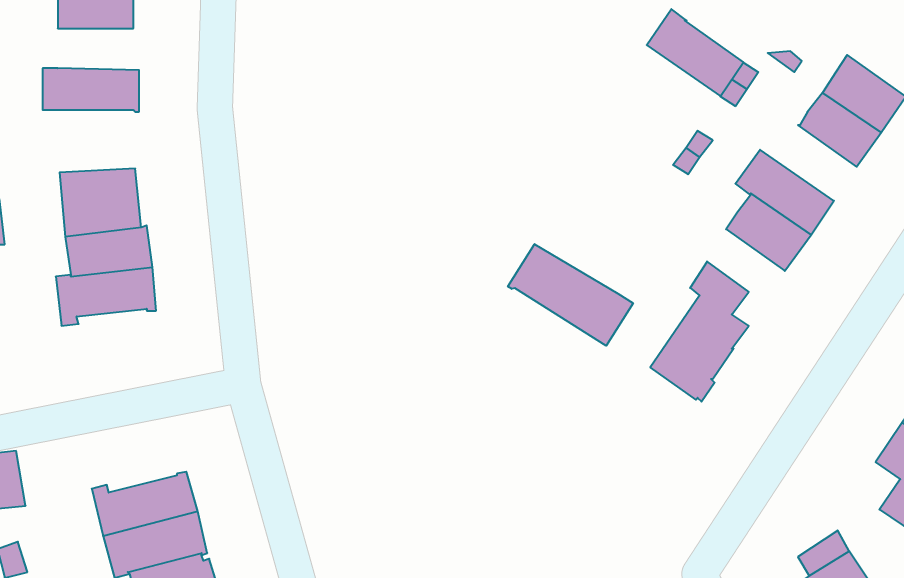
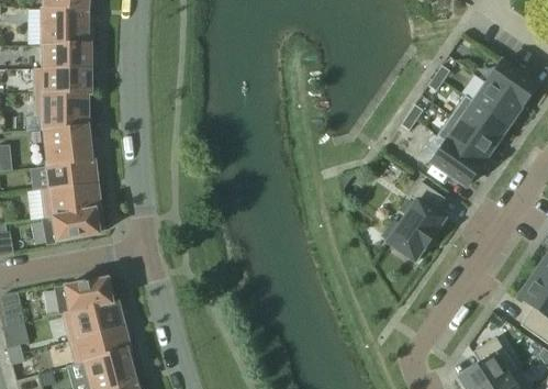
building: [647,9,743,96] -> [450,95,506,145]
building: none -> [43,44,90,69]
building: none -> [34,92,88,129]
building: [508,244,633,346] -> none
building: none -> [43,208,99,243]
building: none -> [56,279,112,314]

